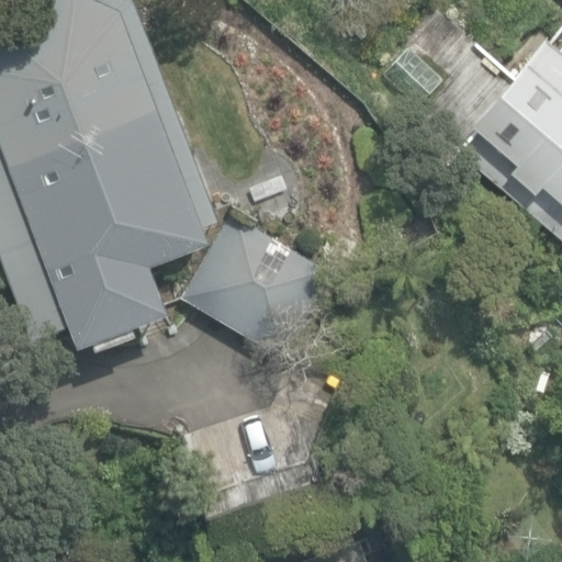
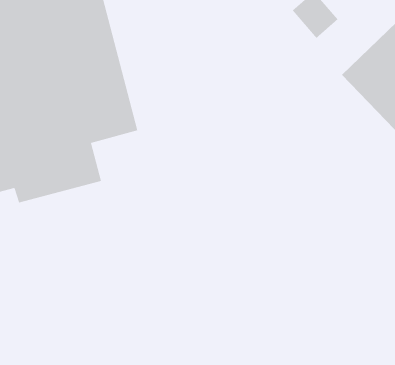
building: [182,211,335,358] -> none

